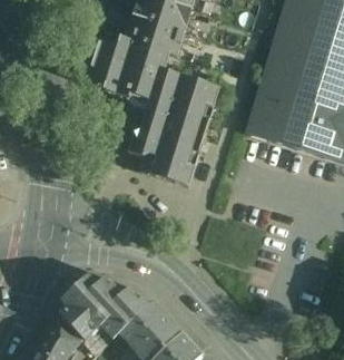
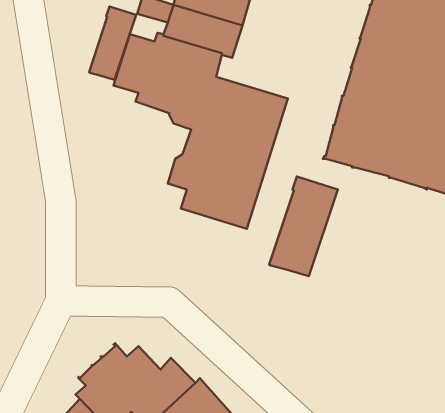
building: none -> [89,7,136,80]
building: none -> [269,177,338,276]

